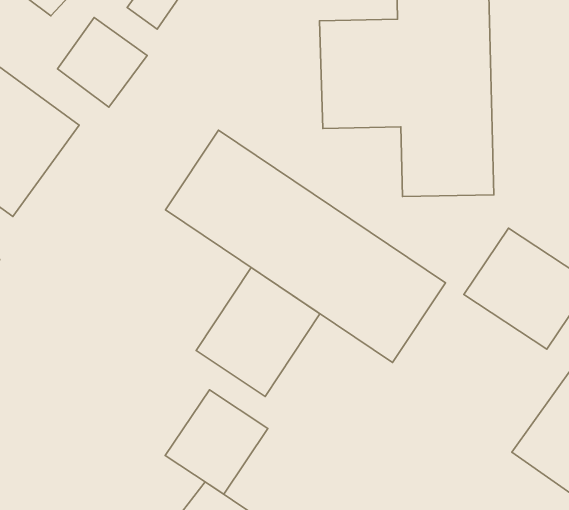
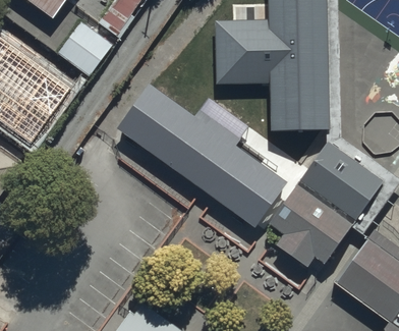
building: [196,267,320,397] -> none
building: none -> [271,188,355,270]
building: [165,390,268,494] -> none

